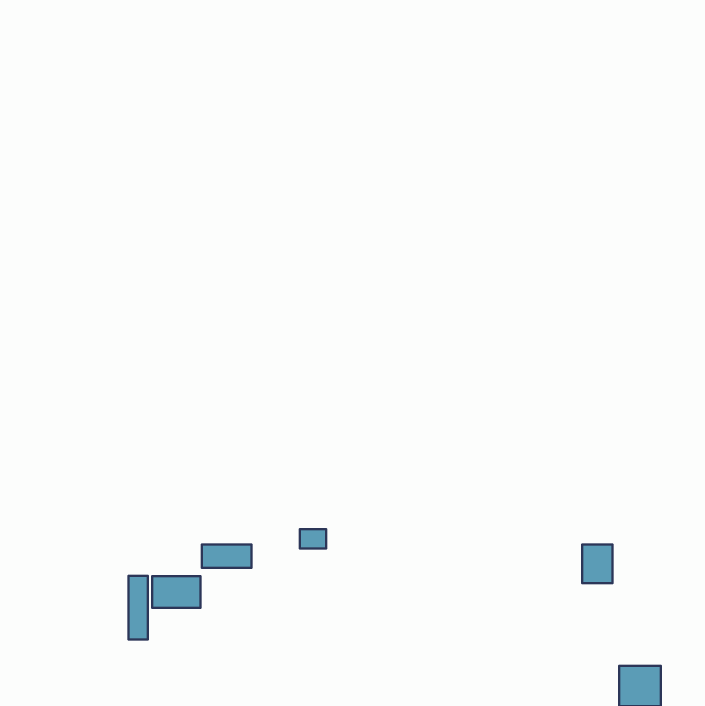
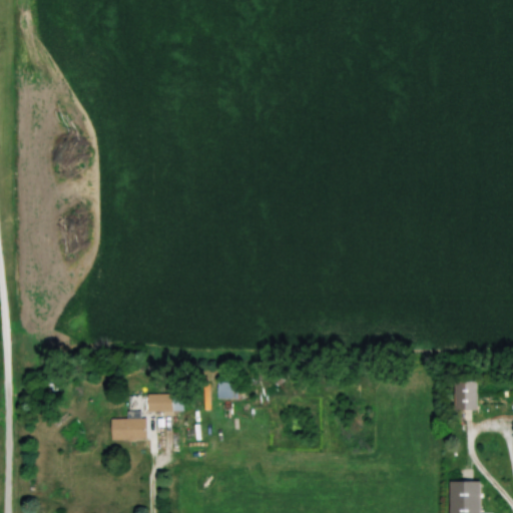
building: [582,544,612,583] -> [454,383,476,411]
building: [128,576,148,640] -> none

